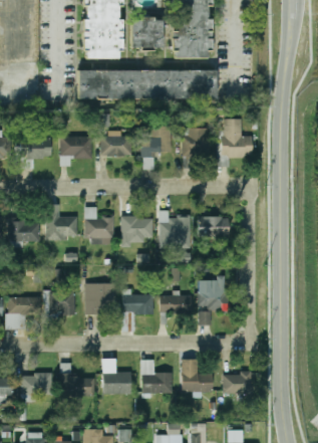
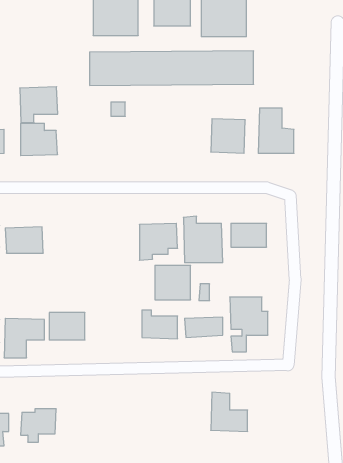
building: [141,126,171,169] -> none
building: [99,131,130,156] -> none
building: [59,136,91,166] -> [20,87,58,122]
building: [45,204,77,240] -> none
building: [84,207,113,237] -> none
building: [84,283,114,312] -> [155,265,191,300]
building: [101,359,130,394] -> none
building: [141,360,172,398] -> none
building: [59,365,94,396] -> none
building: [222,371,251,393] -> none

